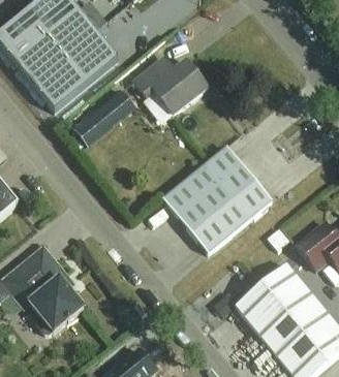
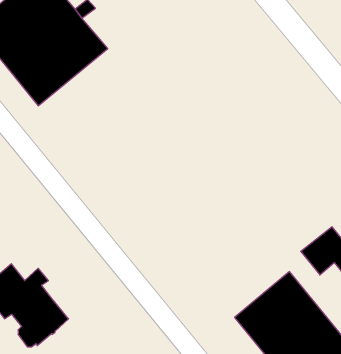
building: [133,60,208,115] -> none
building: [74,90,135,145] -> none
building: [163,146,272,253] -> none

